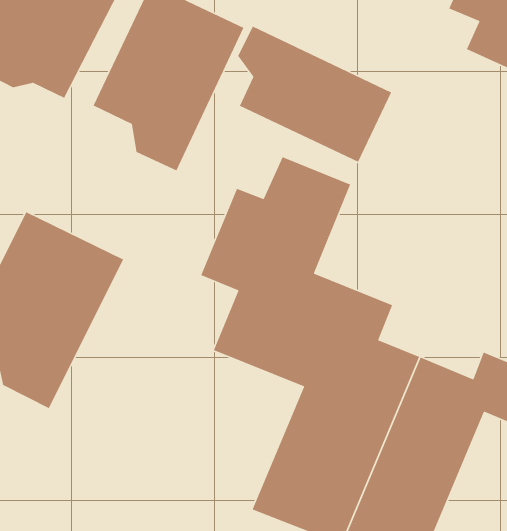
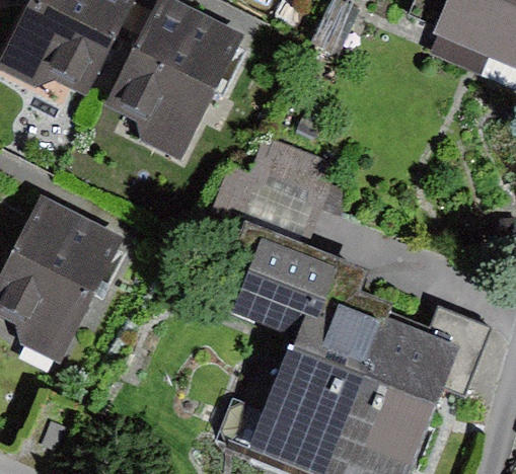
building: [237,25,392,163] -> none

